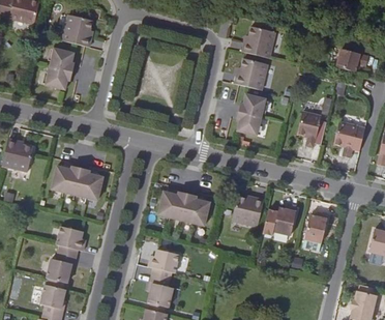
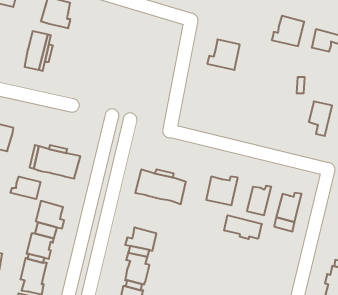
building: [240,25,273,56] -> [272,16,304,46]
building: [237,92,266,134] -> none
building: [298,111,322,146] -> none
building: none -> [11,177,41,199]
building: none -> [224,215,262,239]

